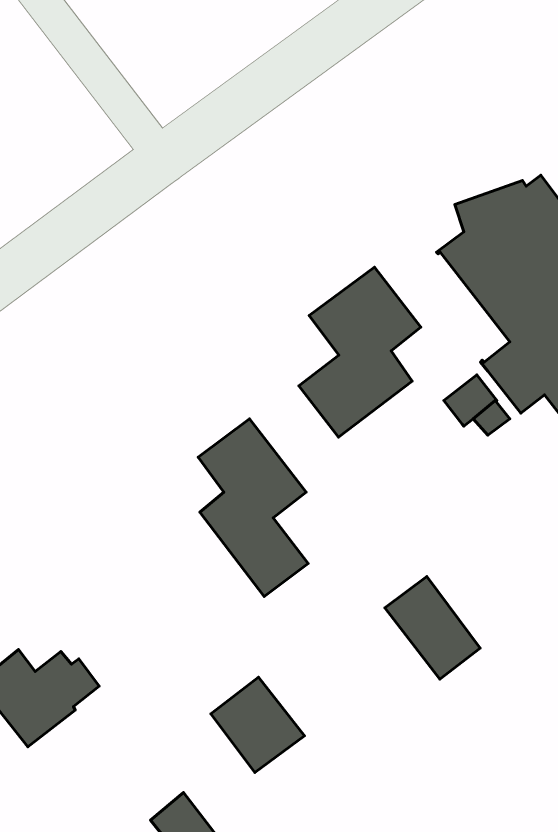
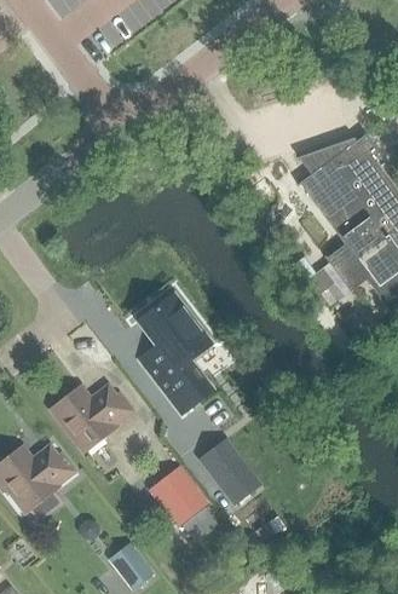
building: [299,267,421,437] -> none
building: none -> [51,387,132,451]
building: [385,577,480,679] -> [197,437,260,504]

